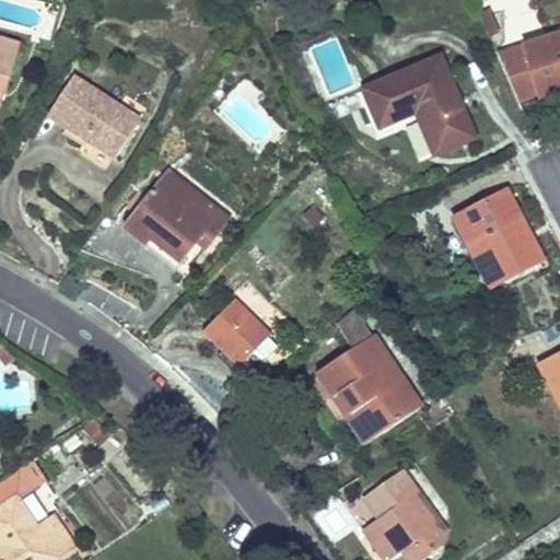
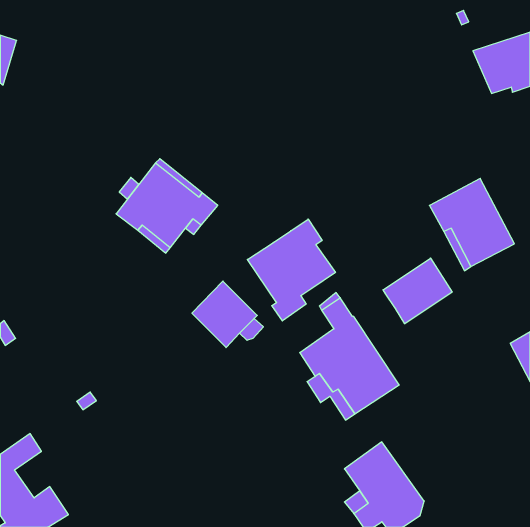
building: [363,55,475,152] -> none
building: [47,74,140,156] -> none
building: none -> [247,219,335,321]
building: none -> [383,258,452,324]

